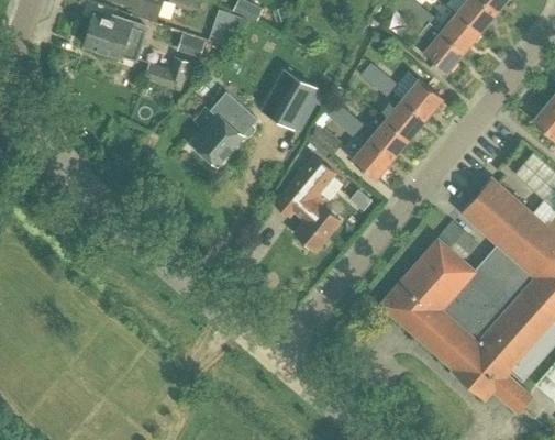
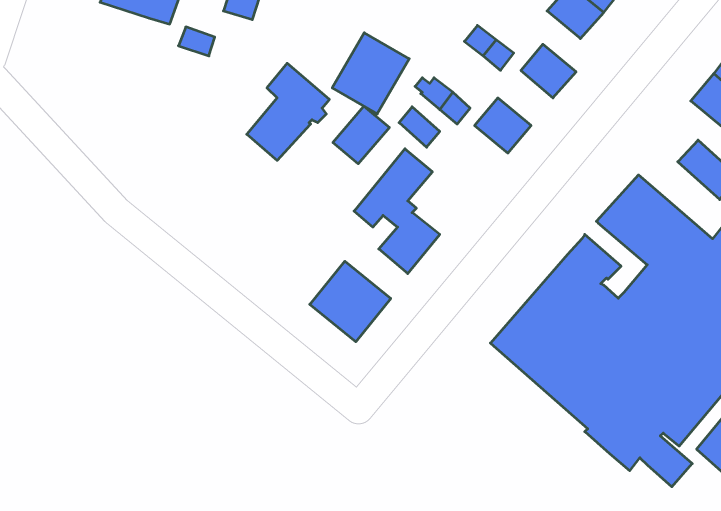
building: [385,97,426,139] -> none
building: none -> [333,106,389,164]
building: [351,139,392,179] -> none
building: none -> [310,261,391,342]

